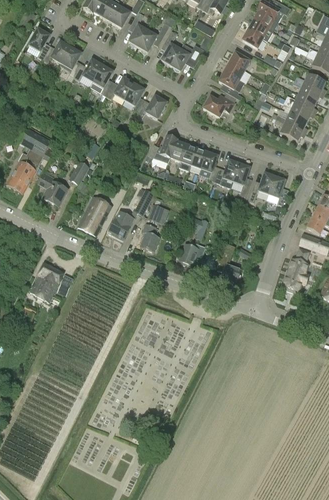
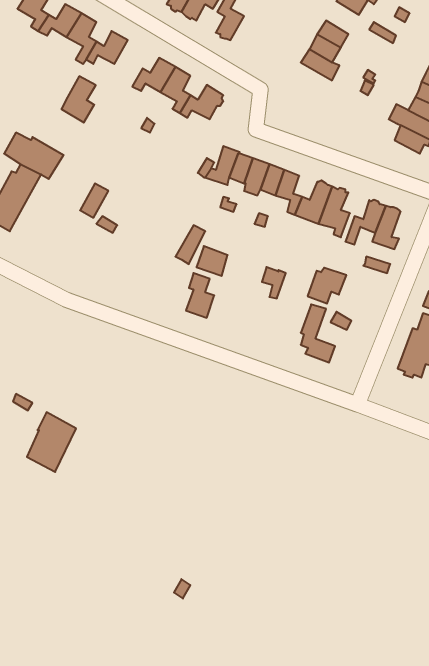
building: [170,43,203,71] -> none
building: [89,65,112,96] -> [61,76,96,123]
building: [202,96,233,117] -> none
building: [38,172,66,204] -> none
building: [77,195,111,235] -> none
building: [108,210,137,240] -> none
building: [179,241,205,265] -> [308,268,346,304]
building: [30,261,63,301] -> [27,412,76,472]

